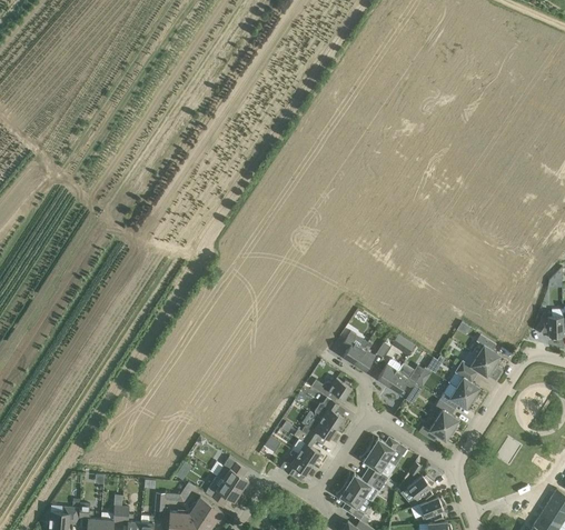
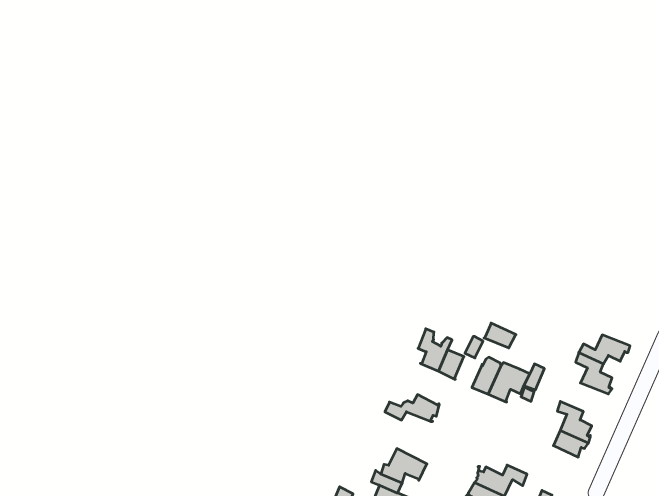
building: [472,334,499,367] -> none
building: [438,383,474,409] -> none
building: [314,397,343,429] -> none

